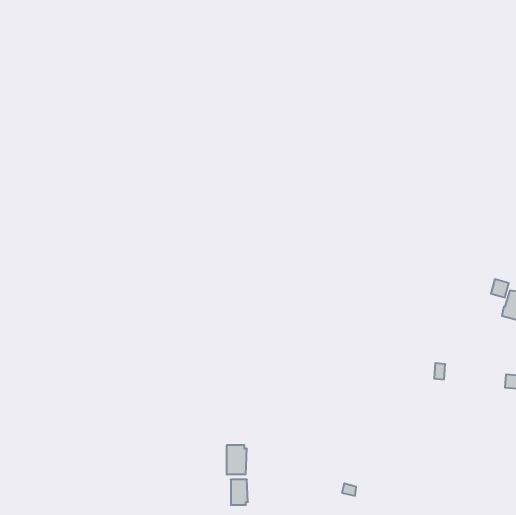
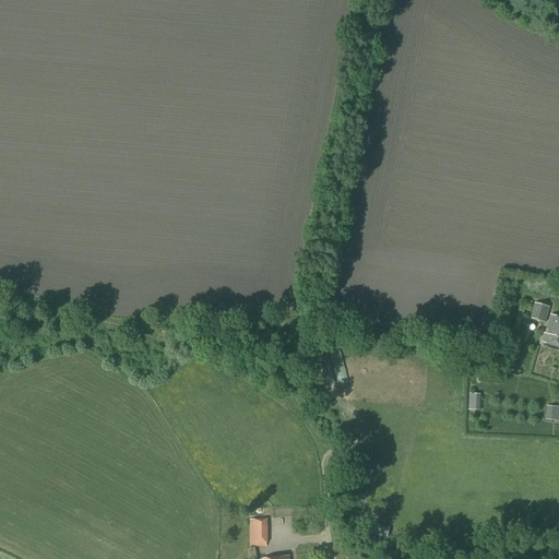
building: [227,445,247,475] -> none

